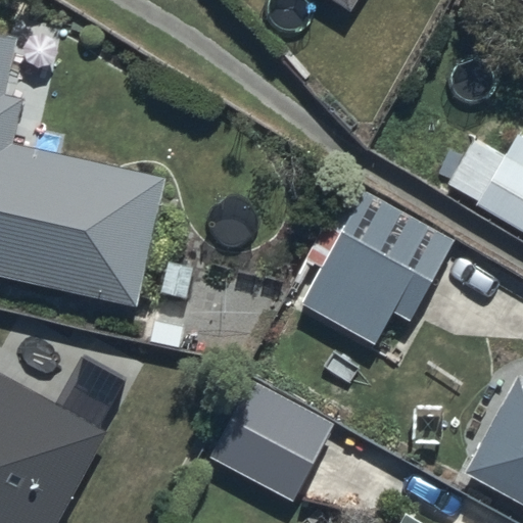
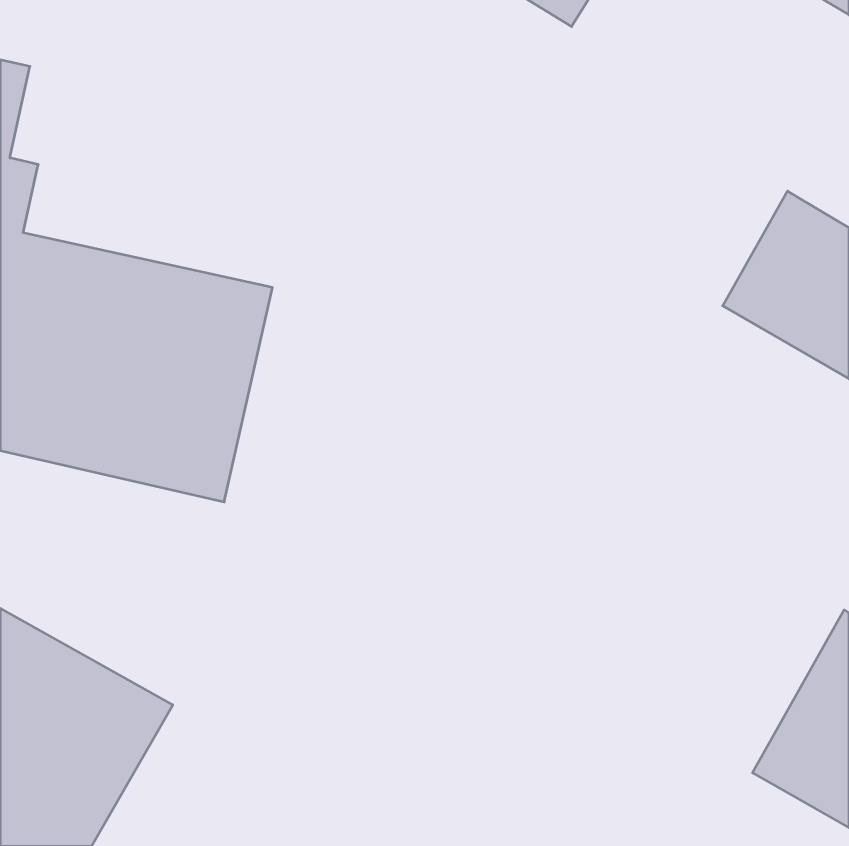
building: [302,191,458,342] -> none
building: [209,379,334,501] -> none

